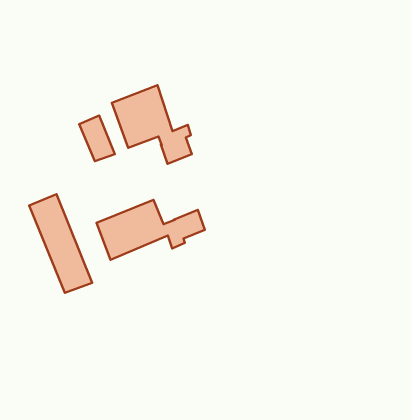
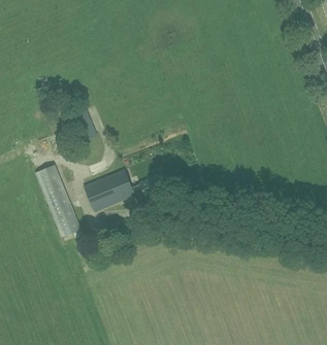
building: [112,85,192,164] -> none

